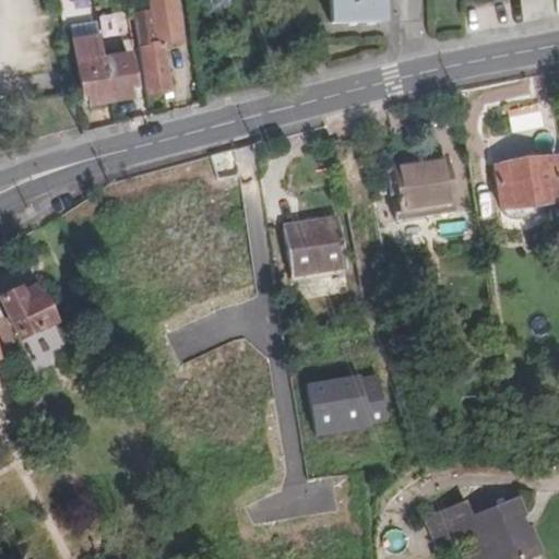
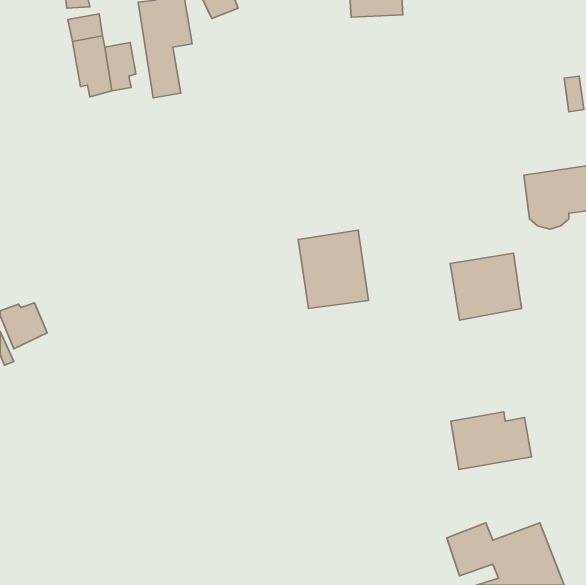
building: [388,158,455,222] -> [450,253,522,320]
building: [313,376,390,430] -> [451,412,532,469]

